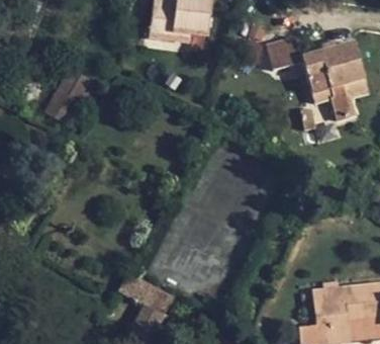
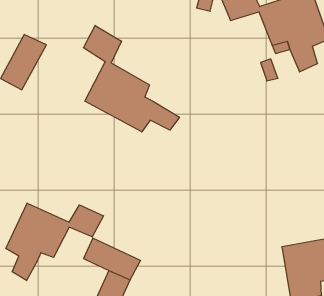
building: none -> [83,25,179,132]
building: none -> [6,203,103,281]

